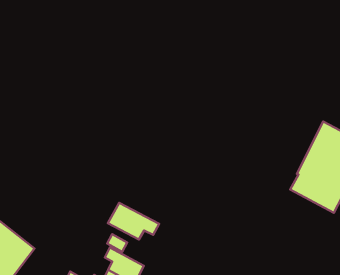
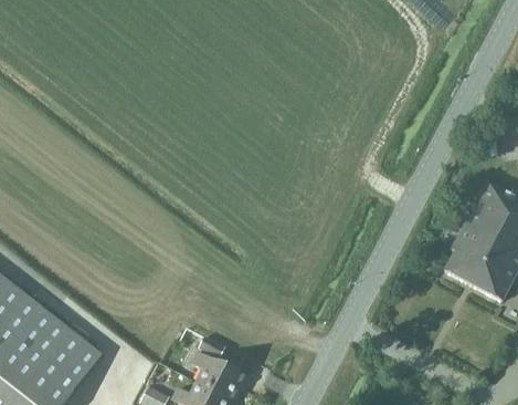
building: [108,203,159,240] -> none

